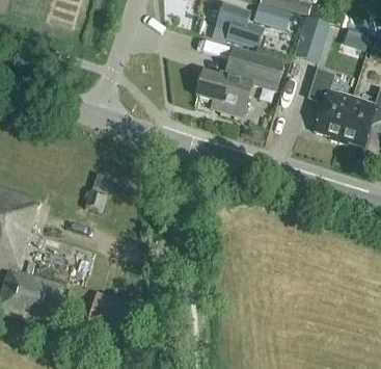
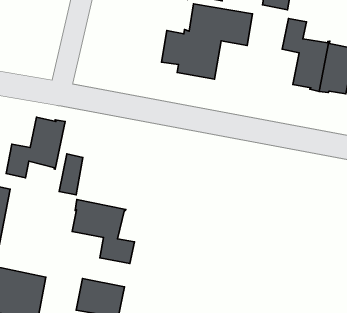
building: none -> [6,117,65,178]
building: none -> [72,200,134,263]

